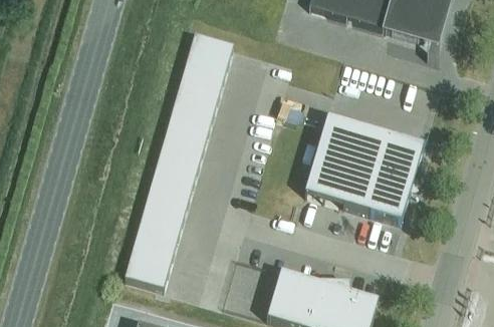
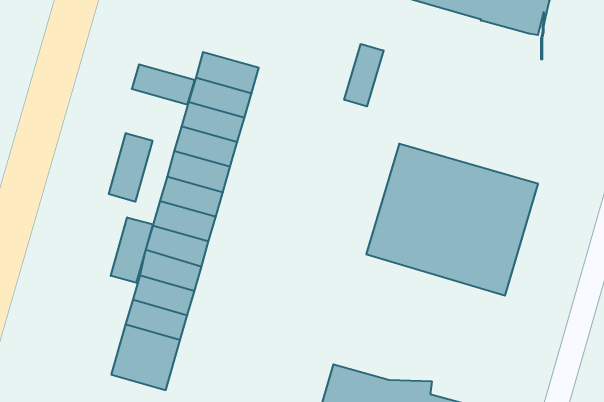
building: [190,34,234,62] -> [132,64,195,104]
building: none -> [344,44,384,106]
building: none -> [109,133,152,202]
building: none -> [111,217,153,283]

